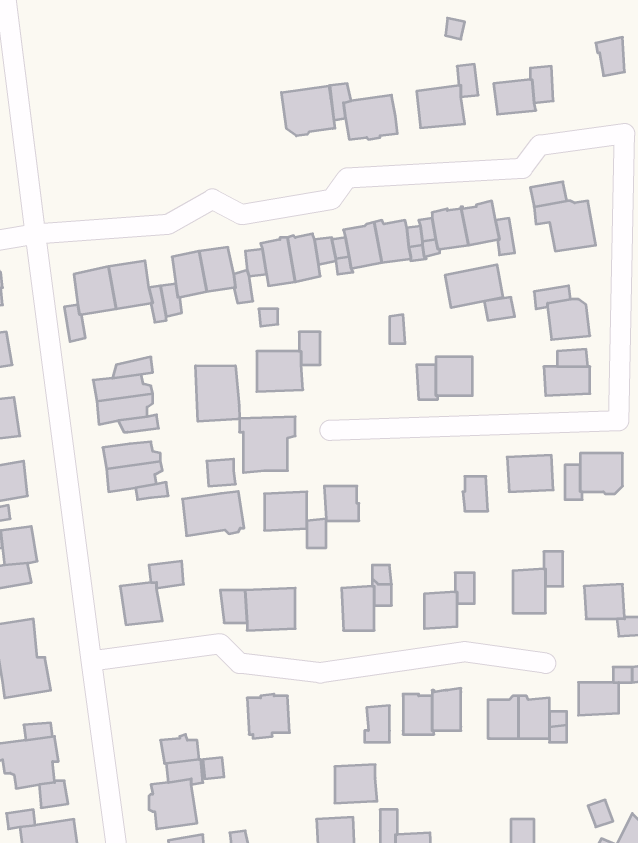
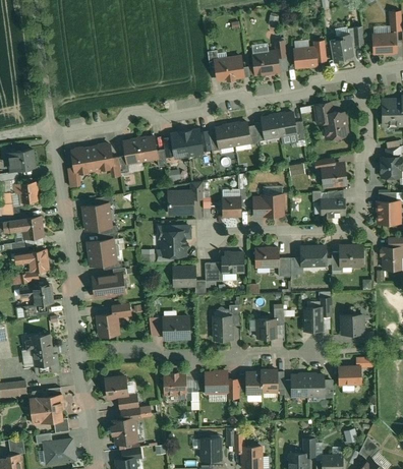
building: none -> [331,34,353,62]
building: [281,86,335,136] -> none
building: [445,265,503,308] -> none
building: none -> [223,197,242,219]
building: [196,366,239,421] -> none
building: none -> [255,247,279,267]
building: none -> [222,251,243,273]
building: [182,491,244,536] -> [93,274,125,297]
building: none -> [106,376,128,398]
building: [335,765,377,803] -> [206,372,228,393]

